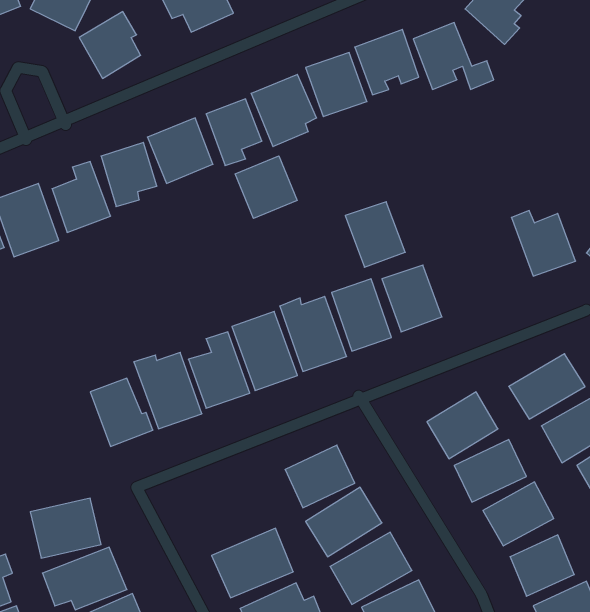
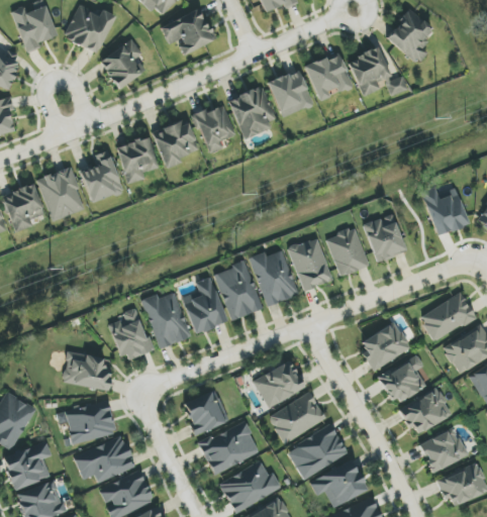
building: [235,156,297,218] -> none
building: [345,202,405,267] -> [363,214,407,263]
building: none -> [63,351,113,391]
building: none -> [183,390,229,435]

